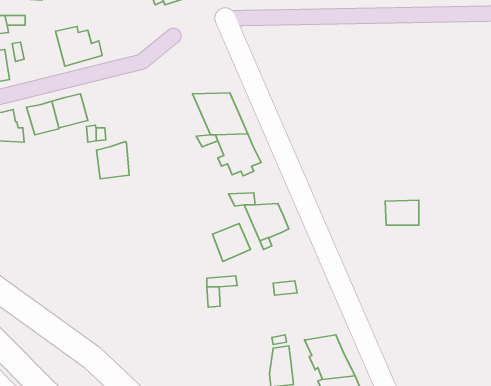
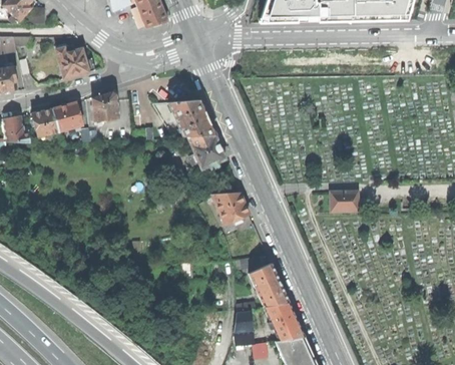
building: [97,142,129,179] -> [91,89,118,120]
building: [213,224,250,261] -> none
building: none -> [249,263,289,306]

